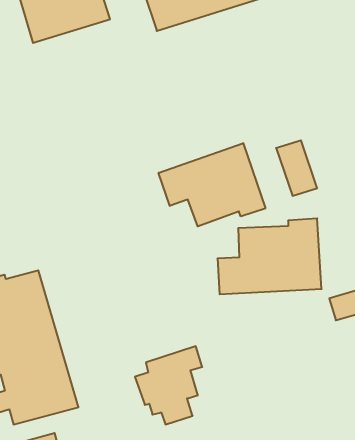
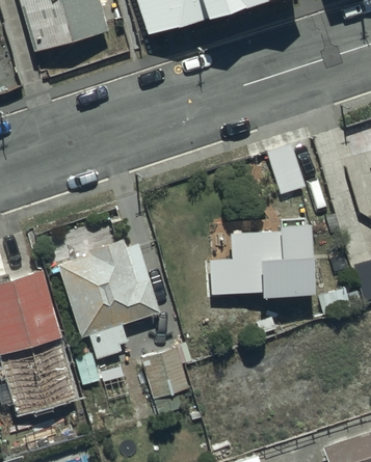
building: [159,143,265,226] -> none
building: none -> [58,241,160,386]

